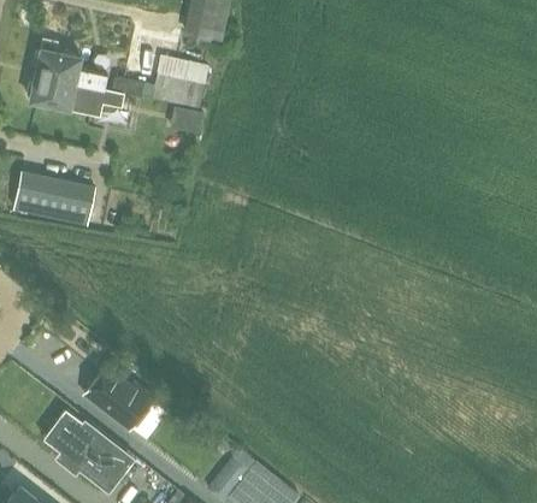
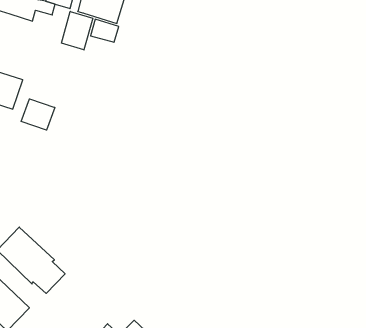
building: none -> [61,11,93,50]
building: none -> [21,99,55,130]

